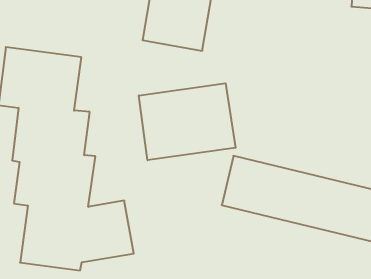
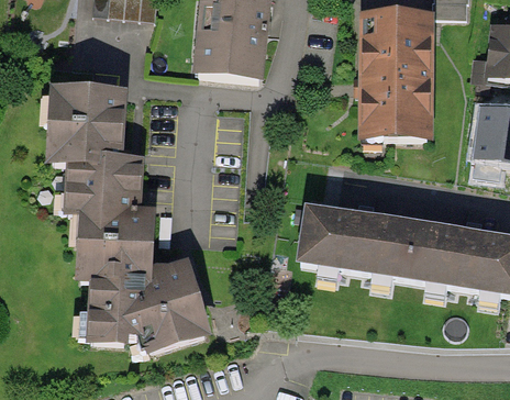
building: none -> [356,19,434,137]
building: [139,83,235,160] -> none

